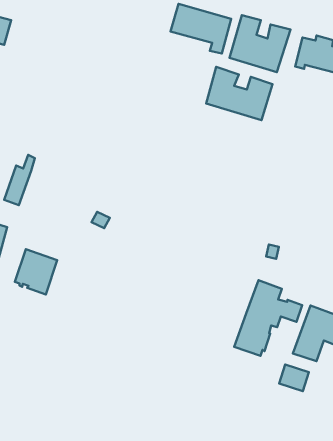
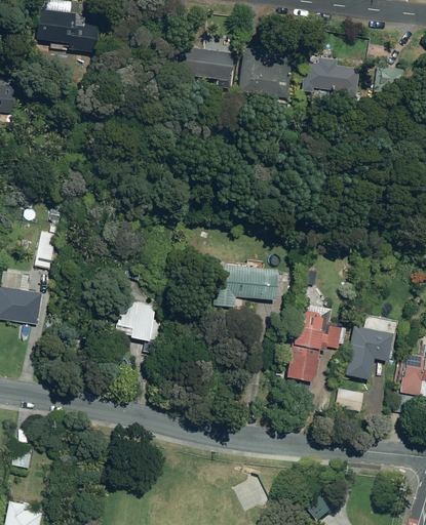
building: [206,67,273,120] -> none
building: none -> [217,266,294,309]
building: [15,249,57,295] -> [116,300,155,342]

